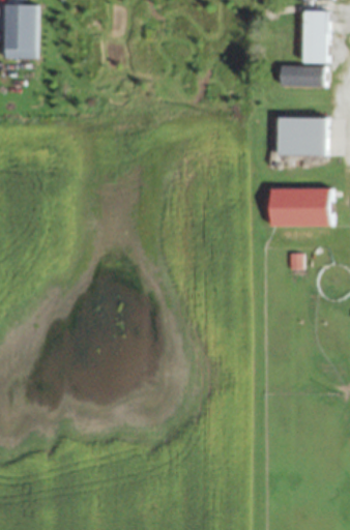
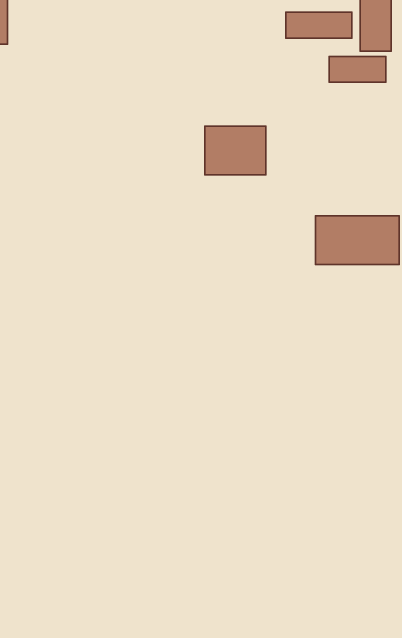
building: none -> [286,12,352,38]
building: [279,118,325,155] -> [205,126,266,175]

